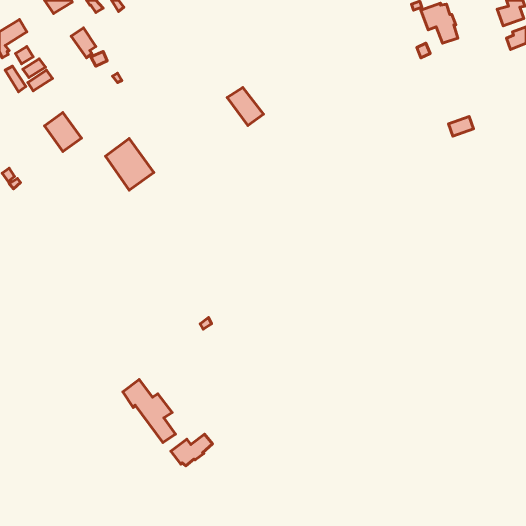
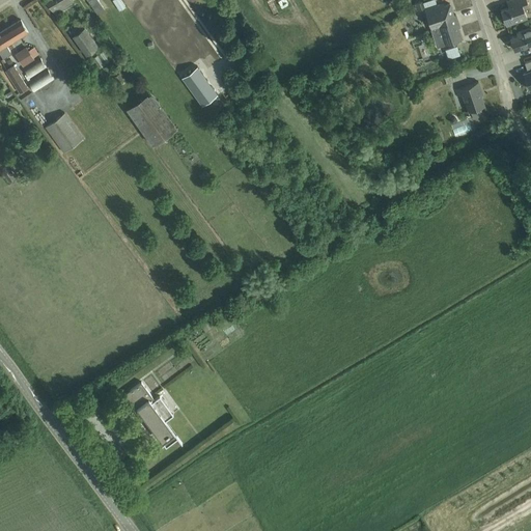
building: none -> [453,82,483,112]
building: [227,87,263,126] -> [180,67,217,106]
building: [105,138,154,190] -> [127,93,175,145]
building: [171,434,213,466] -> none

